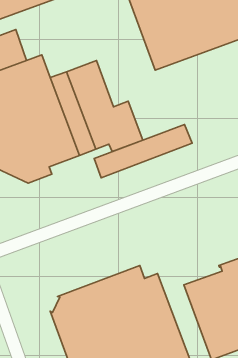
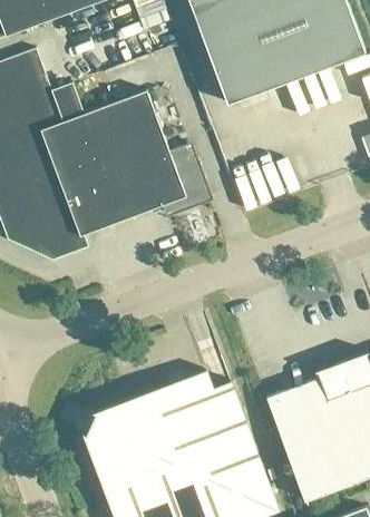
building: [94,125,192,178] -> none

